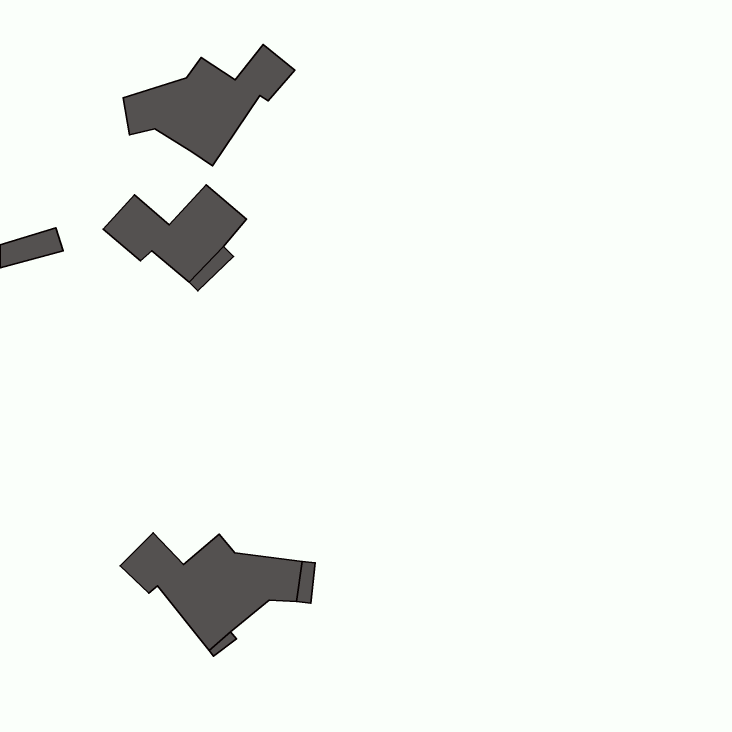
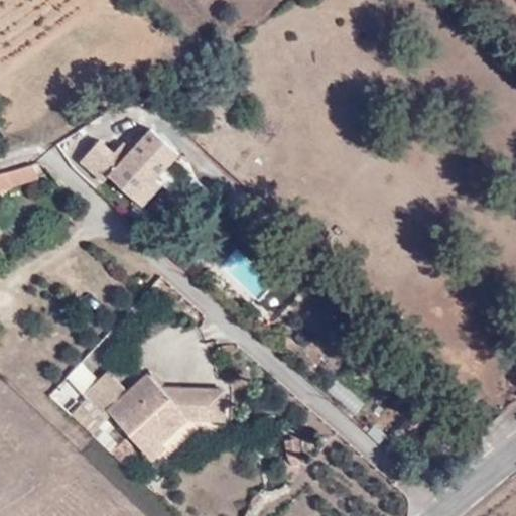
building: [123,44,295,166] -> none

